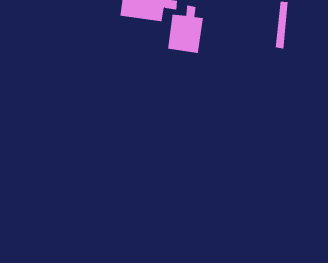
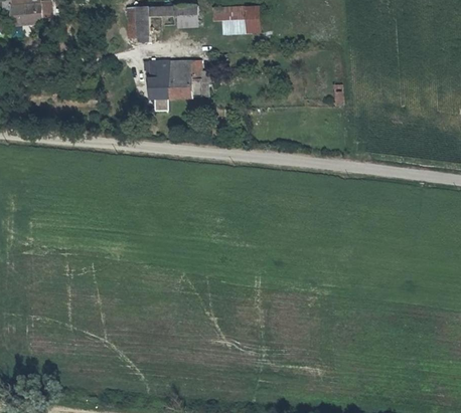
building: [167,5,203,54] -> none

